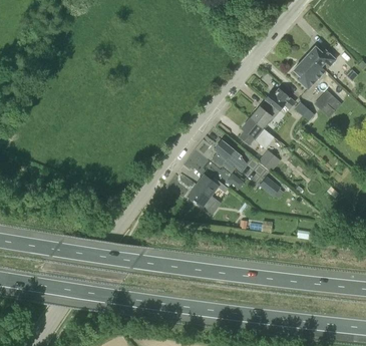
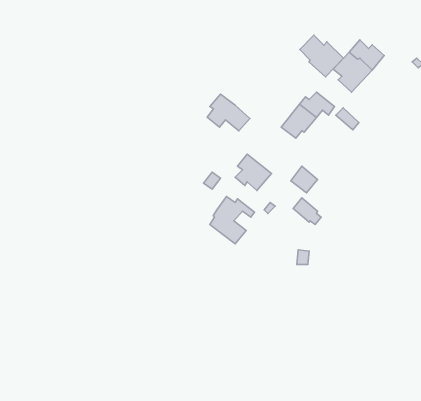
building: none -> [300,35,343,77]
building: [314,89,341,117] -> none
building: [238,117,273,147] -> [207,94,250,131]

